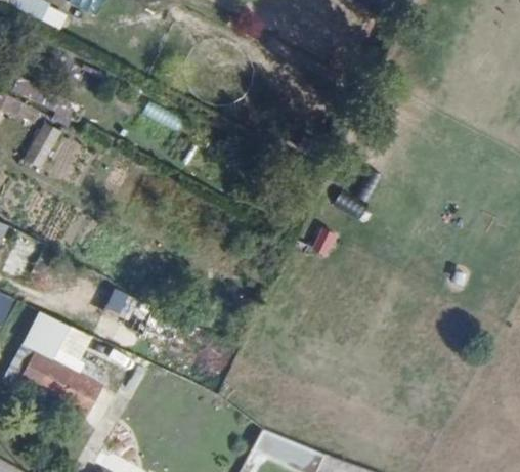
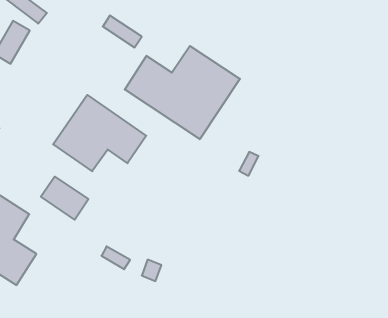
building: none -> [125,46,240,139]
building: none -> [53,95,146,171]

